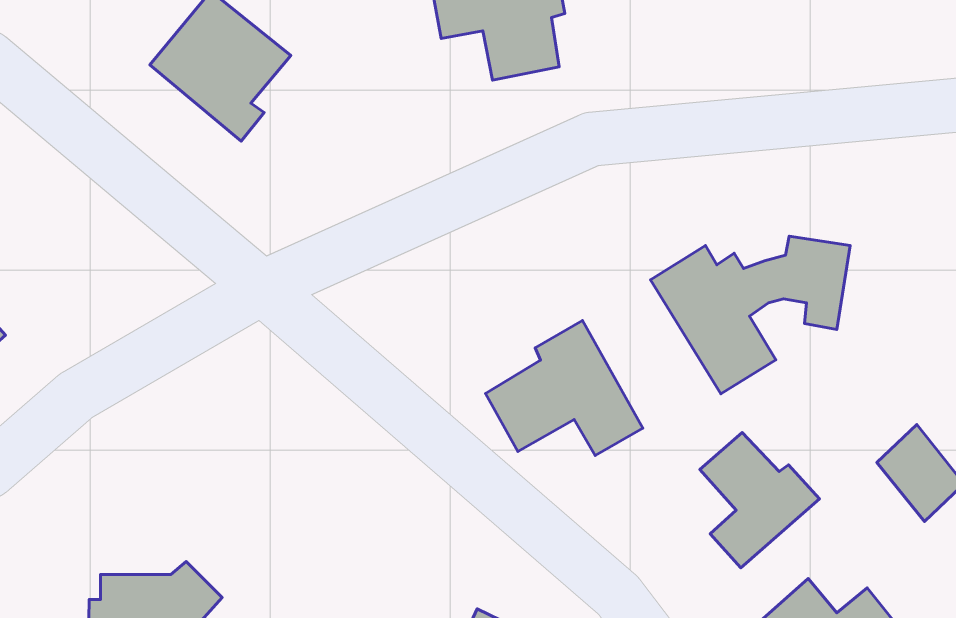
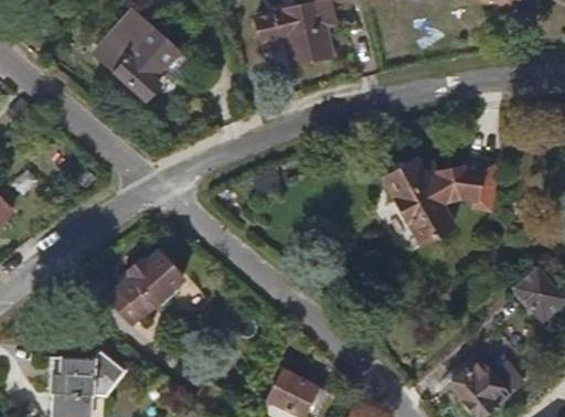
building: [485,321,643,456] -> none
building: none -> [108,249,184,322]
building: [700,432,819,568] -> none

